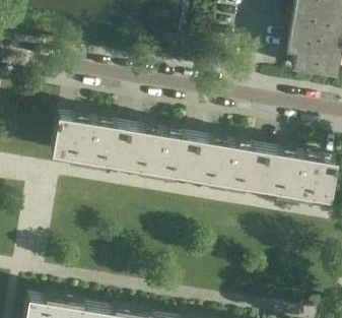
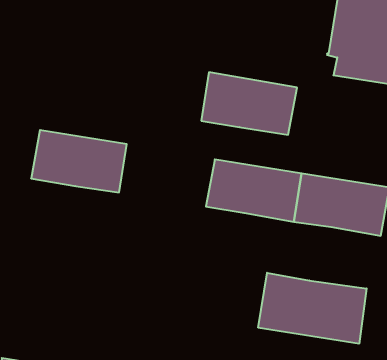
building: [119,127,195,177] -> [201,72,297,135]
building: none -> [258,273,367,344]

